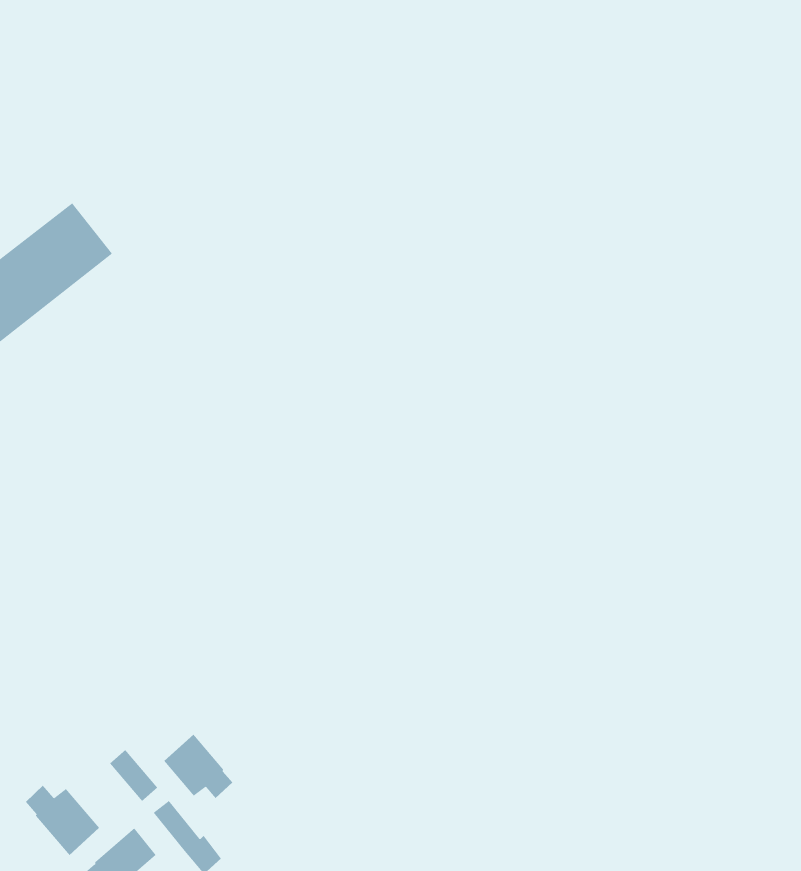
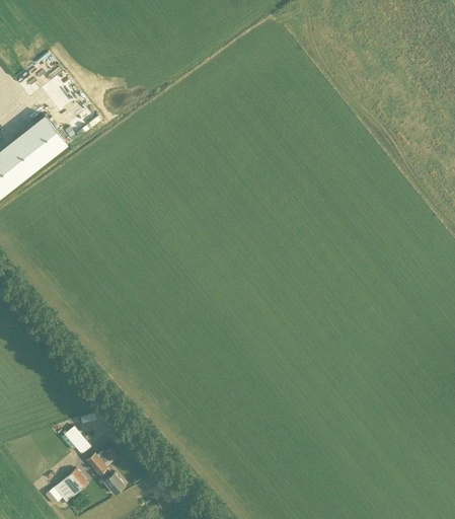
building: [163,734,233,799] -> none
building: [25,785,100,856] -> none

